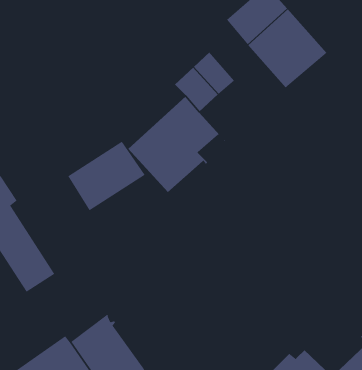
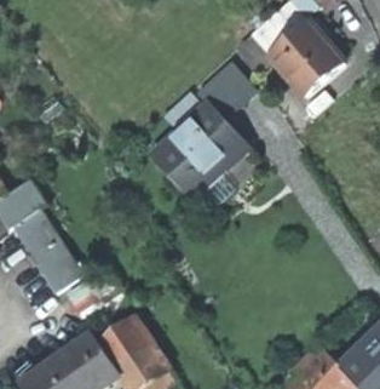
building: [67,141,146,211] -> none

